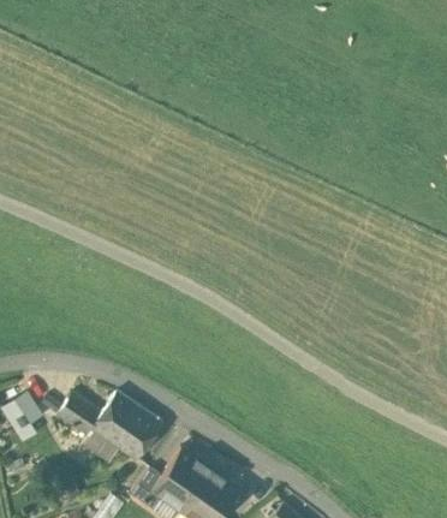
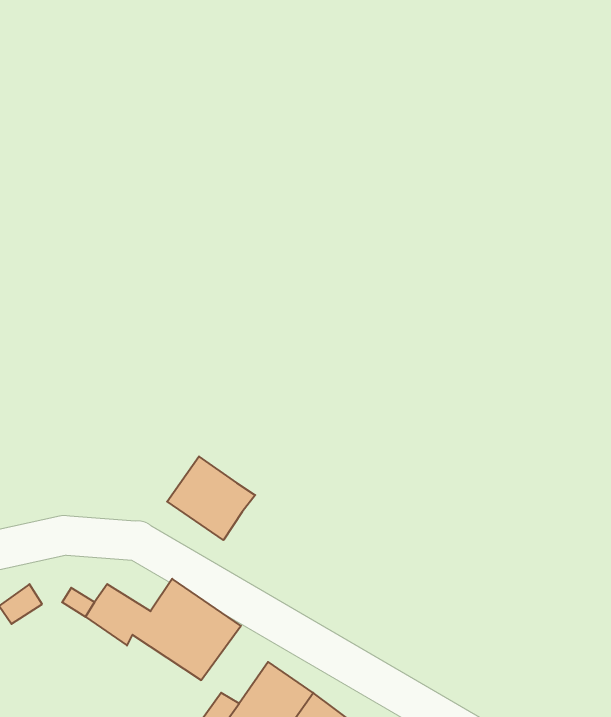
building: none -> [167,456,255,540]

